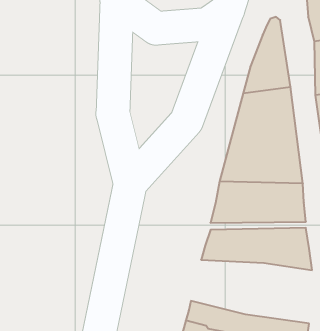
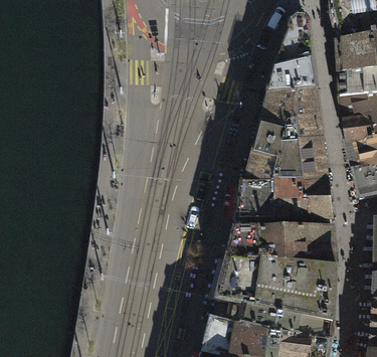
building: none -> [218,256,337,319]

